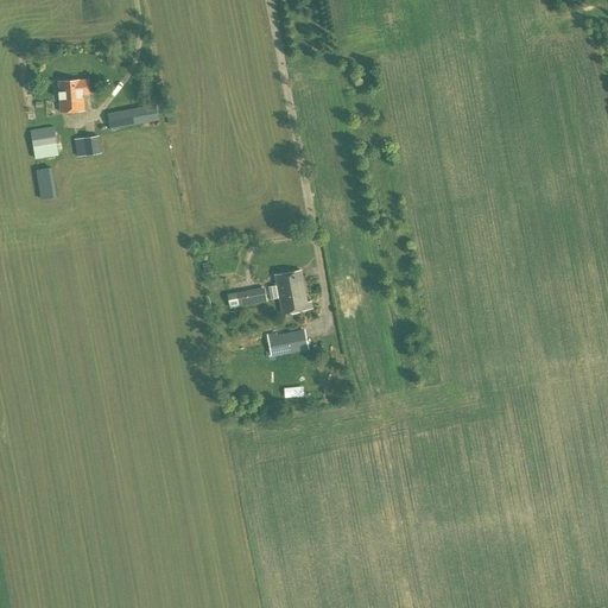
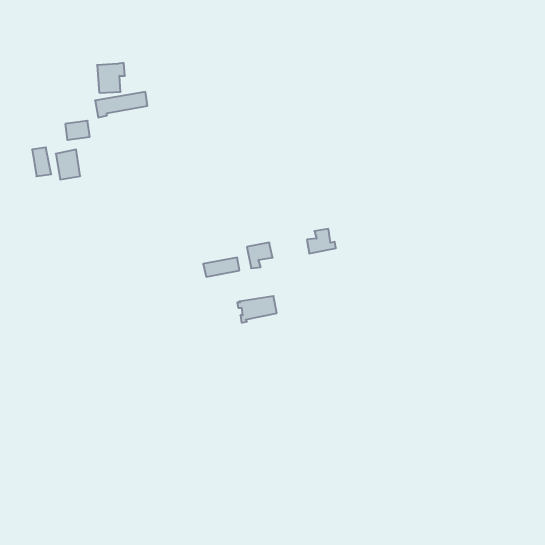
building: [57,78,88,112] -> [97,63,125,93]
building: [30,125,57,158] -> [56,149,80,179]
building: [279,286,311,314] -> [307,229,336,253]

